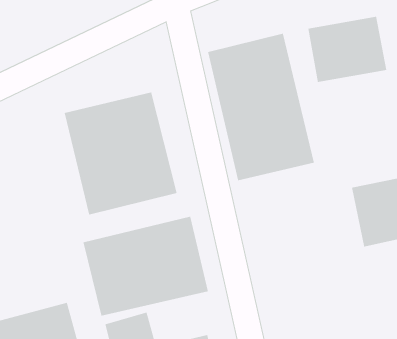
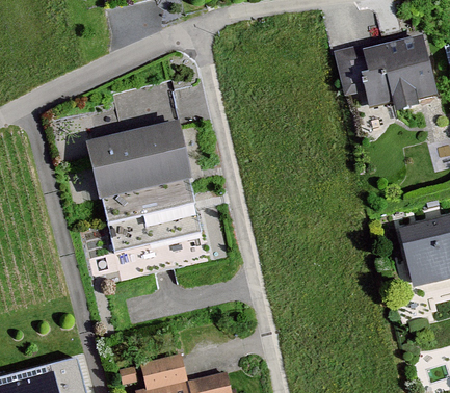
building: [208,33,314,181] -> none
building: [83,216,208,316] -> none

